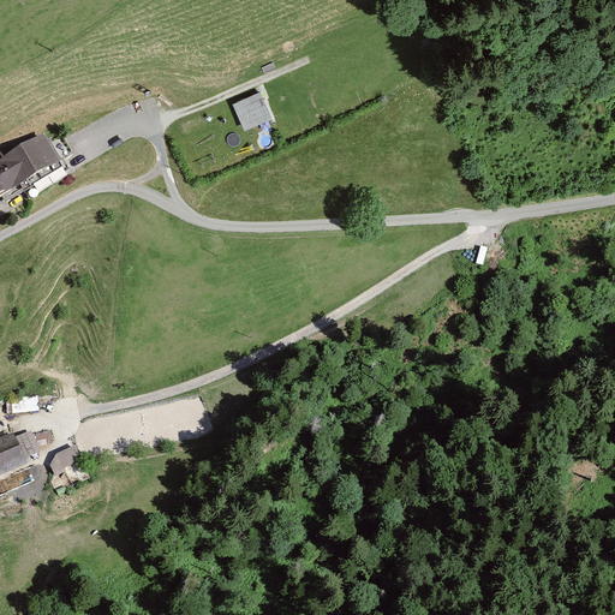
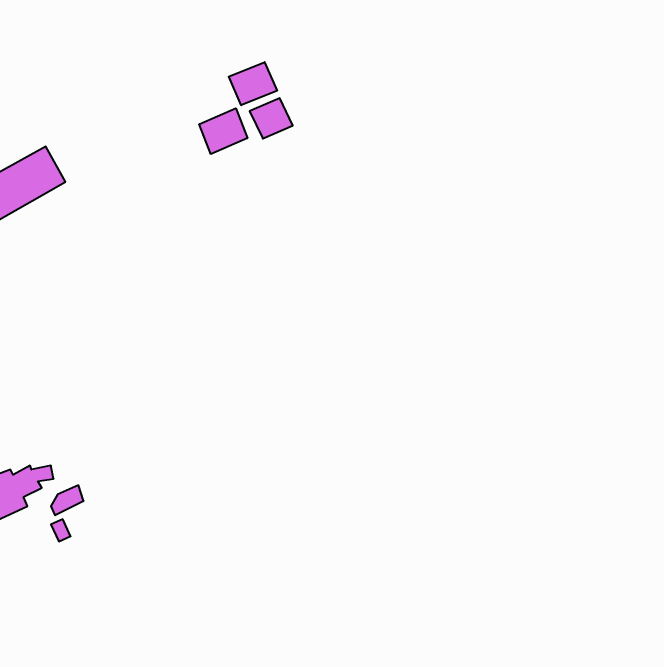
building: none -> [229,62,277,105]
building: none -> [199,108,247,154]

